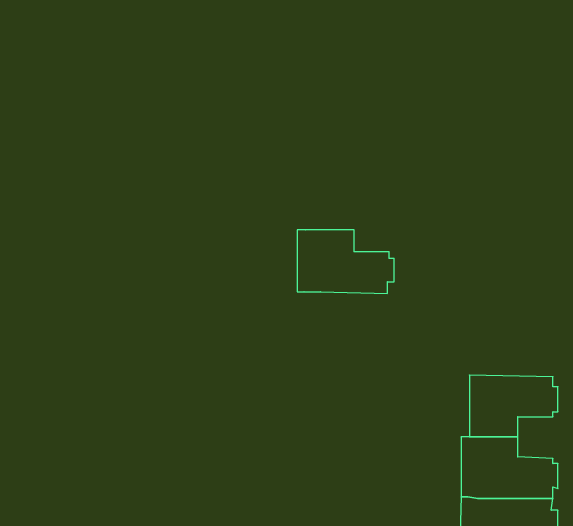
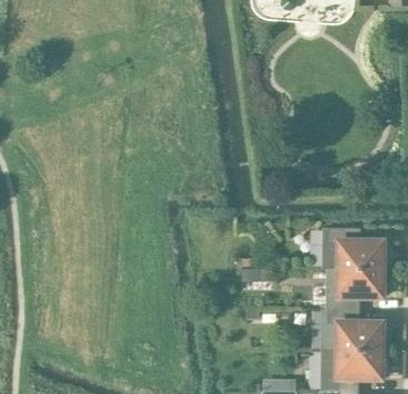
building: [297,230,394,293] -> [324,227,388,269]

